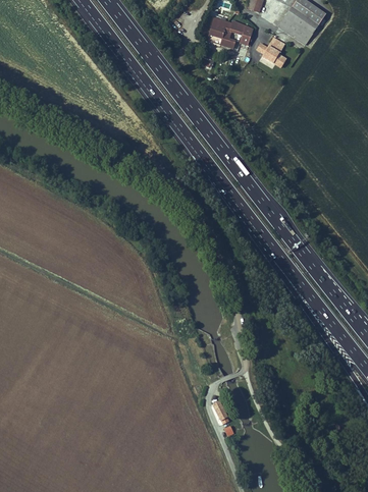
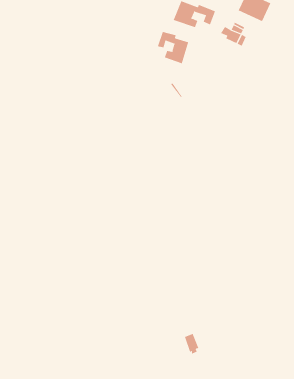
building: none -> [157,31,189,64]

